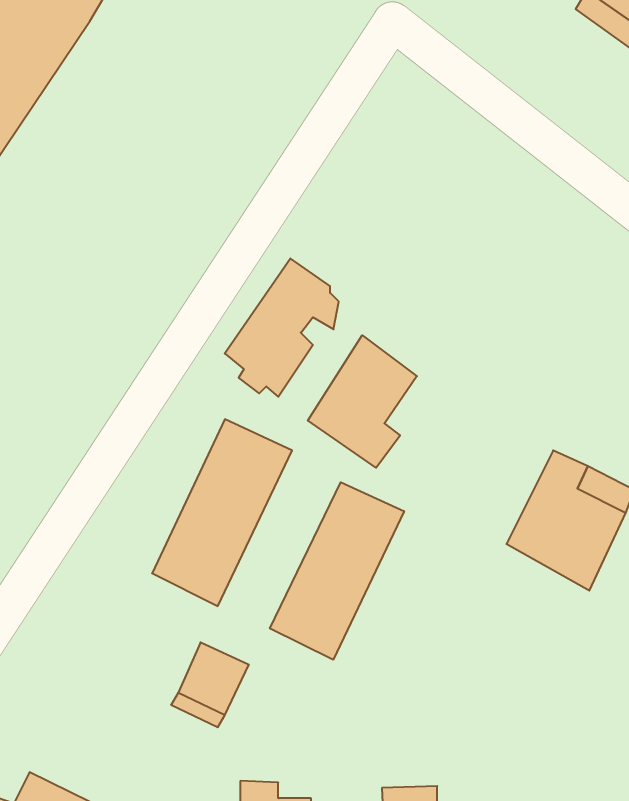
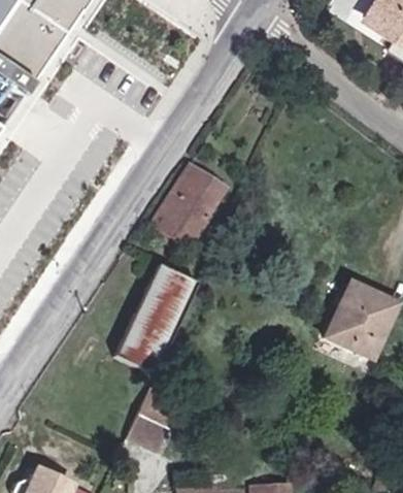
building: [308,335,417,468] -> none
building: [270,482,404,660] -> none

